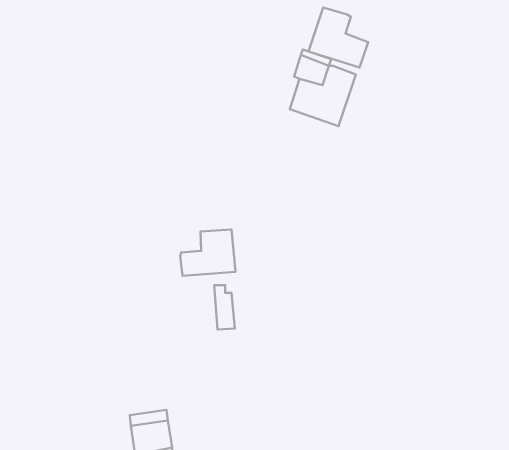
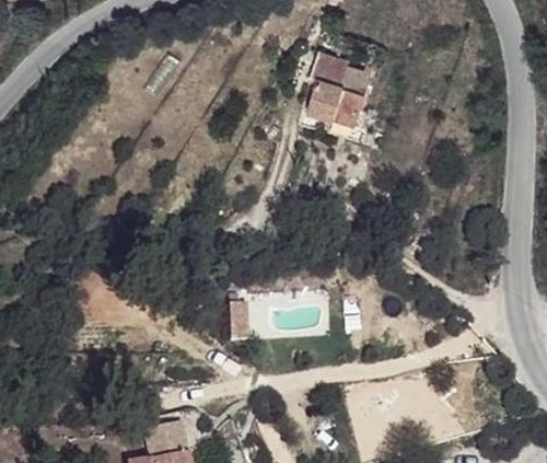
building: [309,7,368,68] -> none
building: [180,230,236,276] -> none

